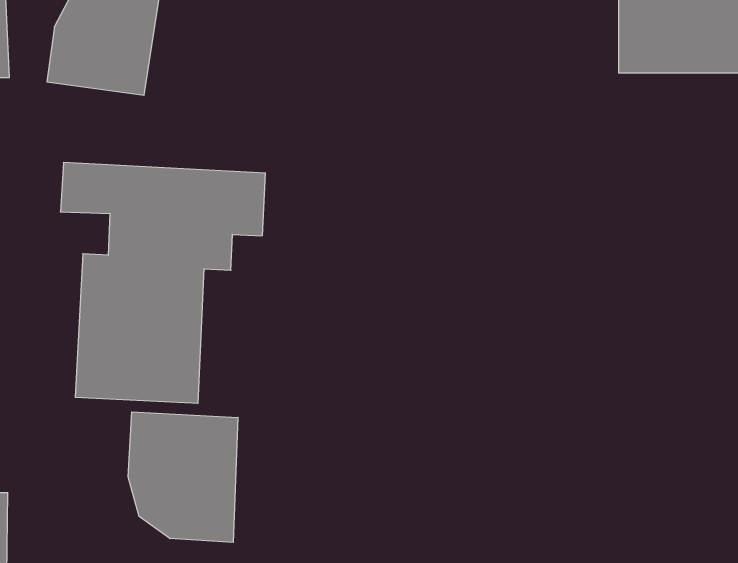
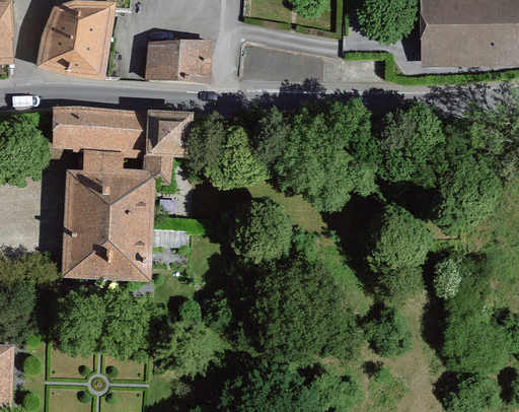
building: none -> [146,36,213,78]
building: [128,412,238,542] -> none

